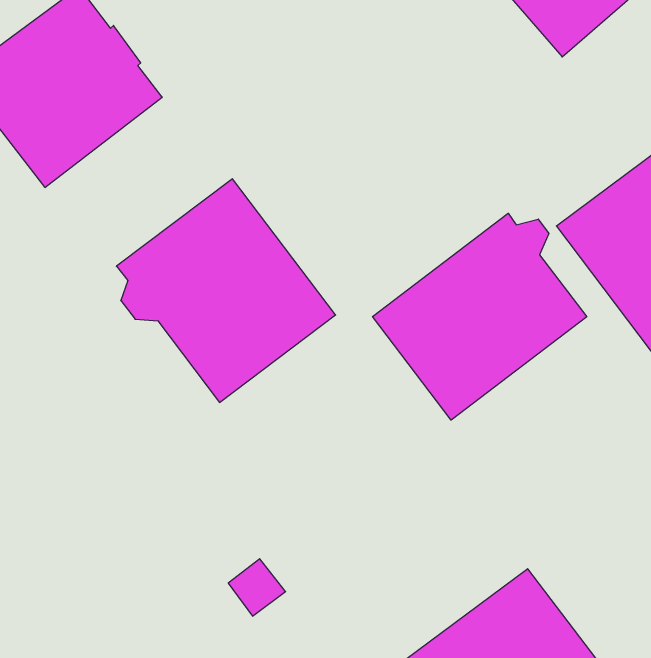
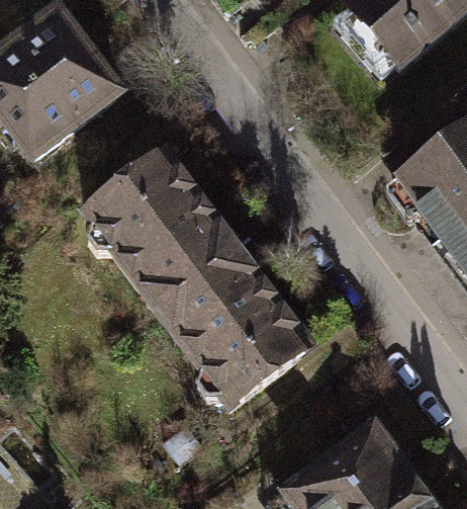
building: [373,213,587,420] -> none
building: none -> [159,247,313,406]

